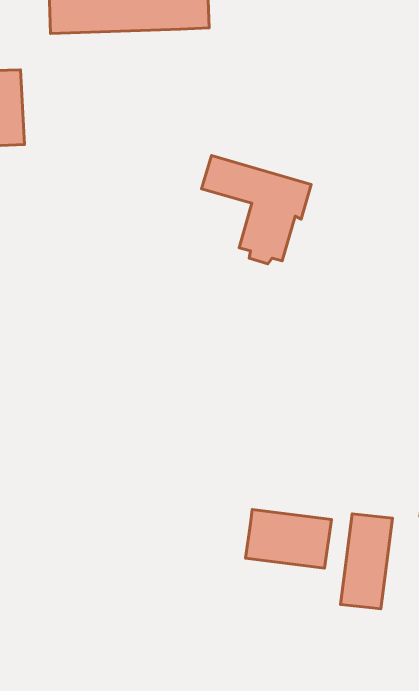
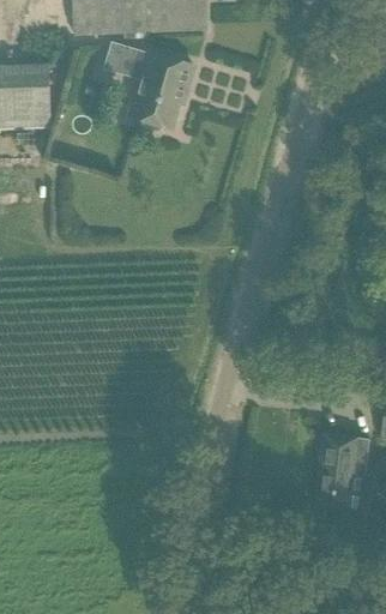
building: [202,156,311,264] -> [103,40,194,130]
building: [245,510,331,568] -> none

